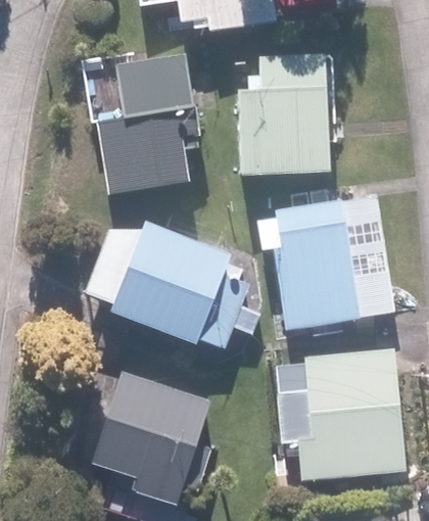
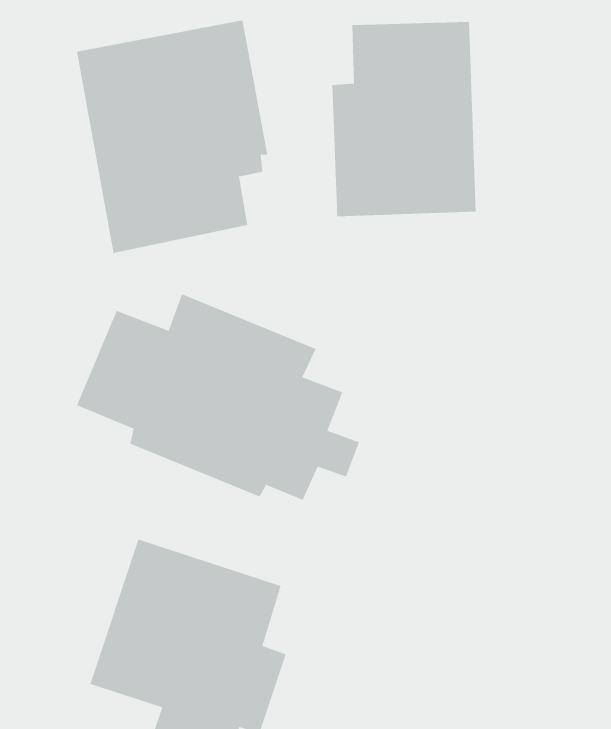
building: [255,194,393,329] -> none
building: [297,352,403,479] -> none

